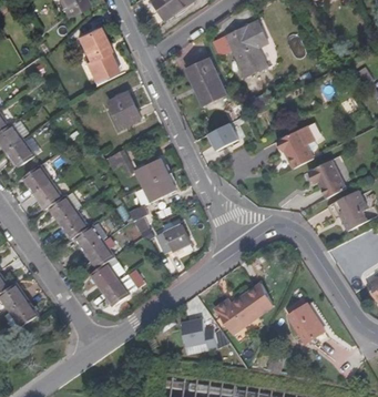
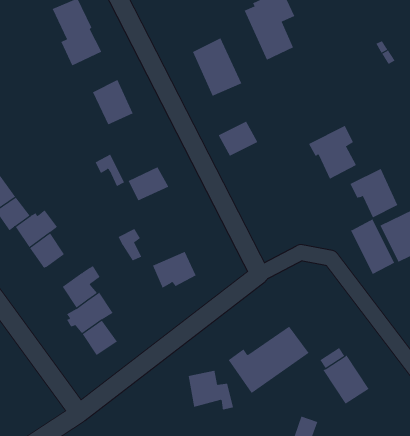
building: [144,174,176,201] -> none
building: none -> [350,218,395,275]
building: [74,223,108,252] -> none

